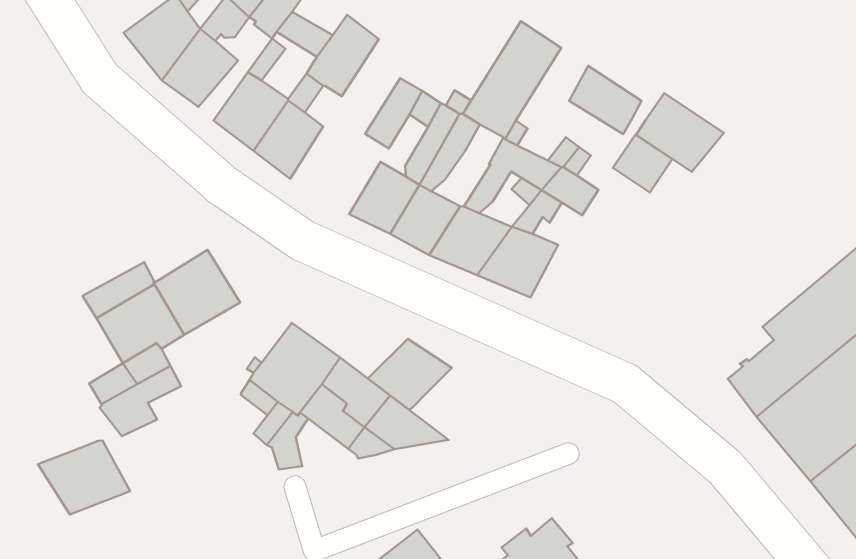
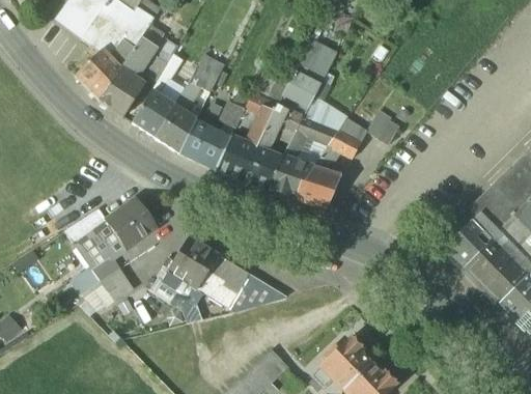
building: [569,66,642,134] -> none
building: [636,93,724,172] -> none
building: none -> [180,120,232,170]
building: [368,339,452,410] -> none
building: [38,440,130,514] -> none

